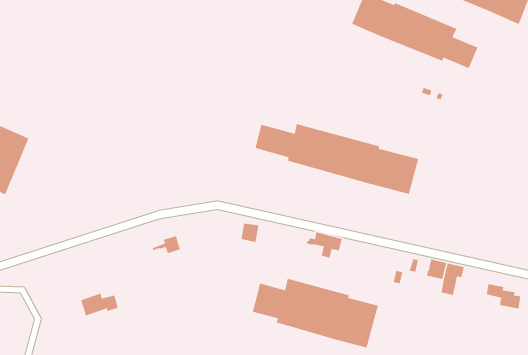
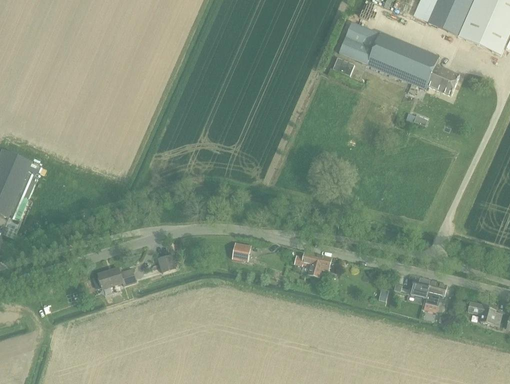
building: [254,123,419,195] -> none
building: [252,278,379,348] -> none
building: [80,292,119,316] -> [99,267,136,290]

